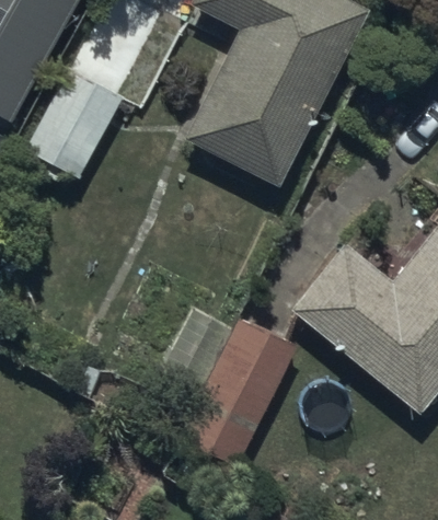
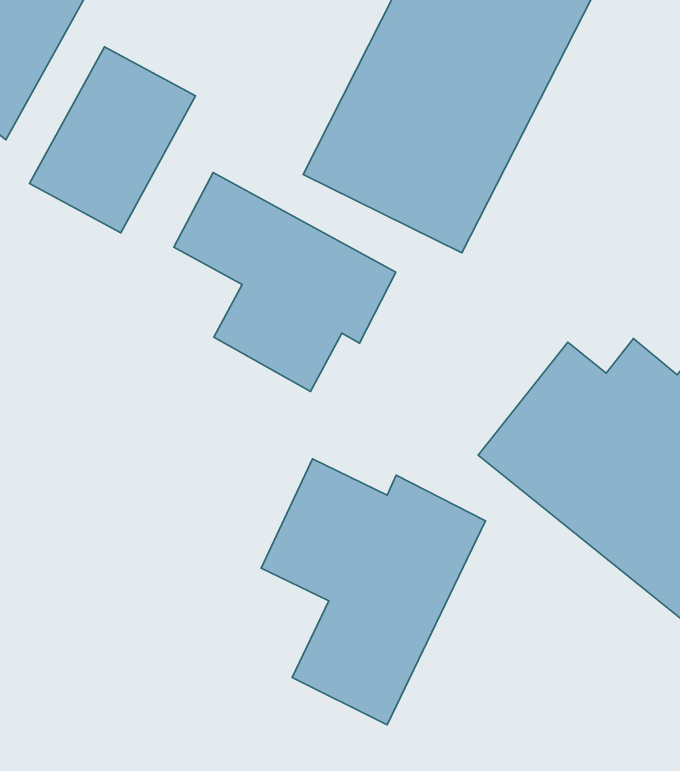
building: none -> [174,172,396,391]

